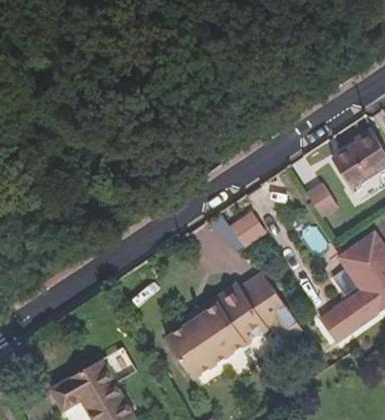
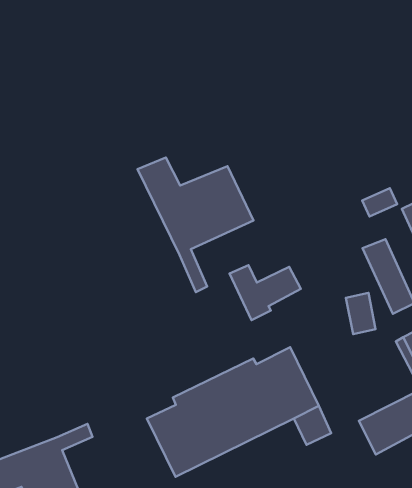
building: none -> [138,157,254,292]

